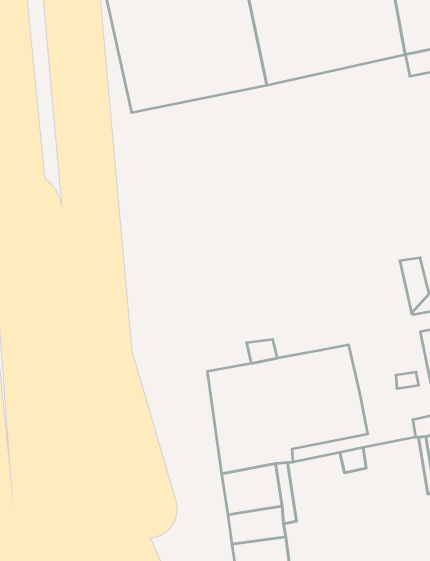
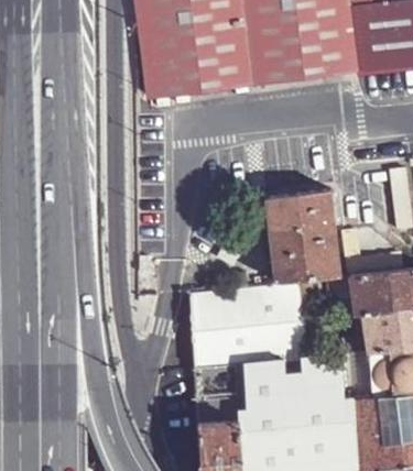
building: none -> [267,189,340,284]

